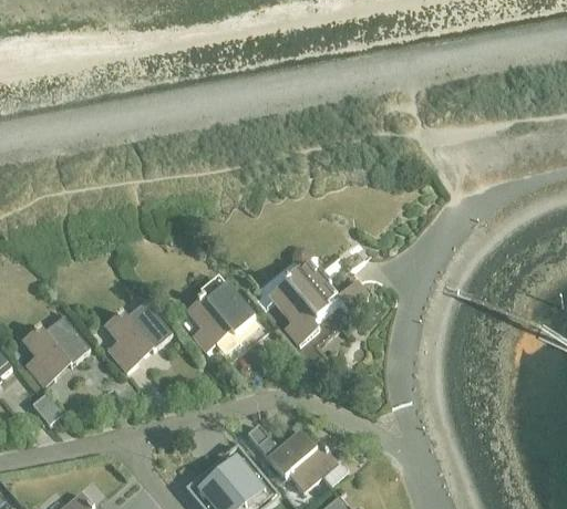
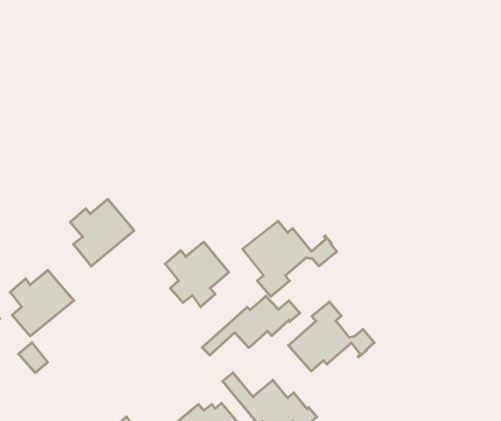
building: [103,301,171,372] -> [70,199,134,266]
building: none -> [202,296,300,355]
building: none -> [288,302,374,371]

